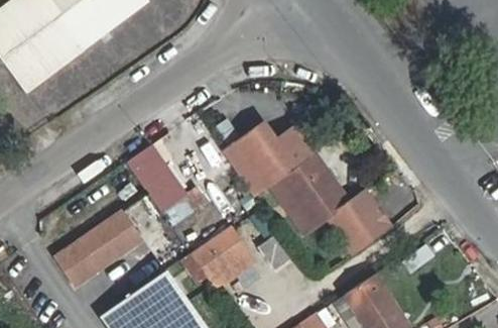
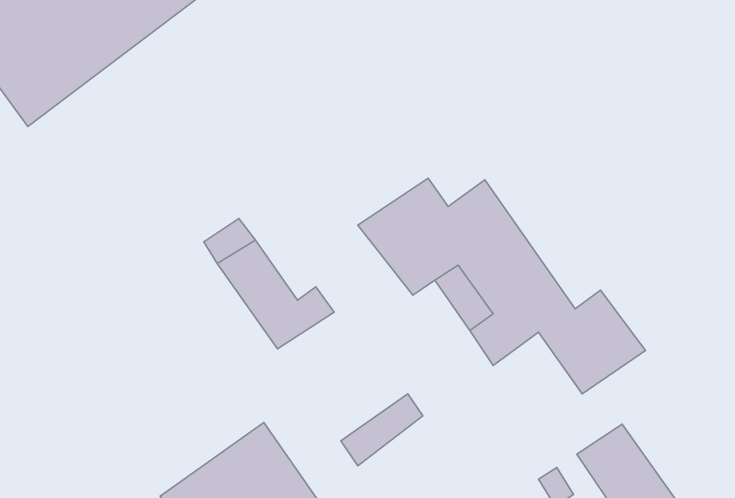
building: [54,209,142,283] -> none
building: [193,228,251,282] -> none

